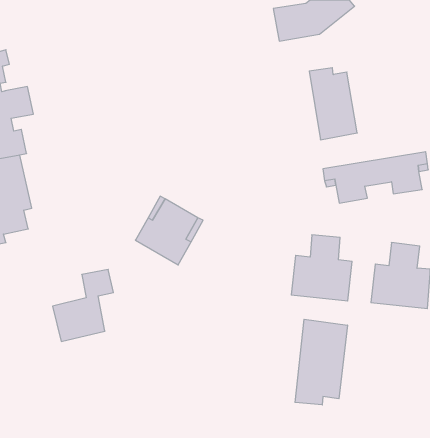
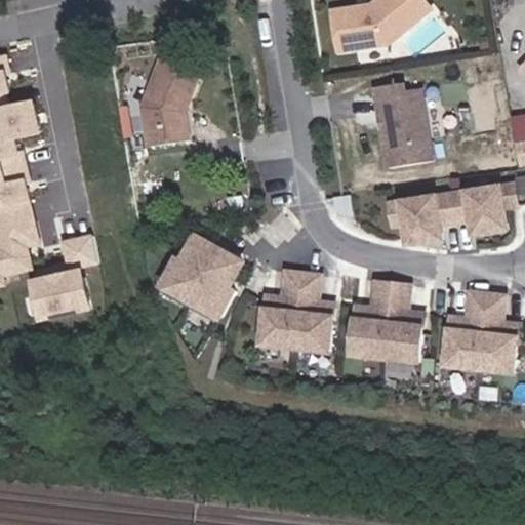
building: none -> [139,60,194,147]
building: none -> [259,271,331,351]
building: [53,269,113,341] -> [27,241,99,327]
building: [295,319,347,405] -> none

